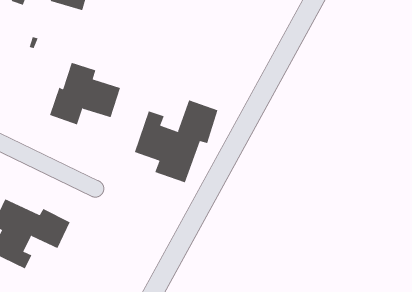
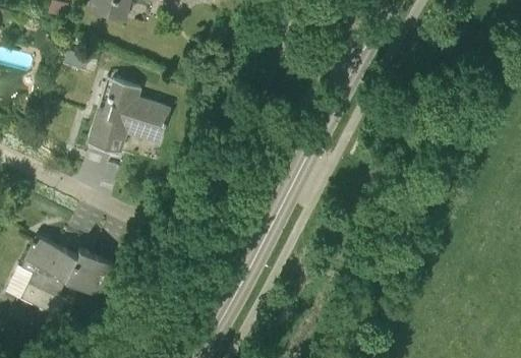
building: [134,99,218,183] -> none

